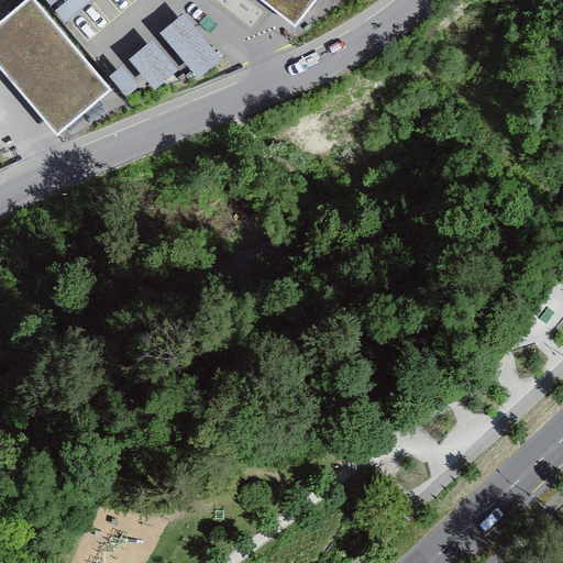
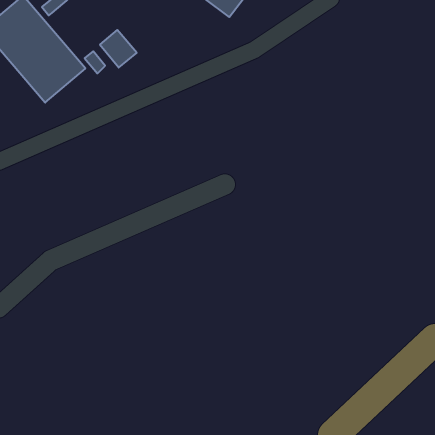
building: [158,12,220,77] -> none

